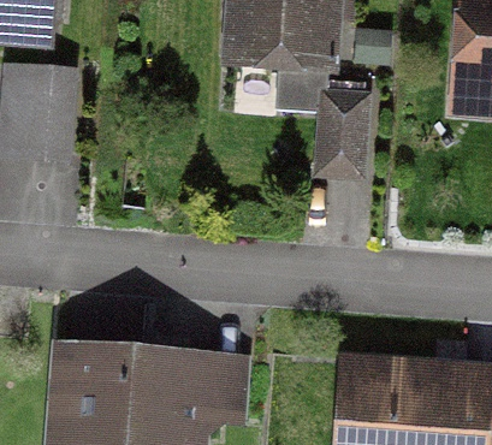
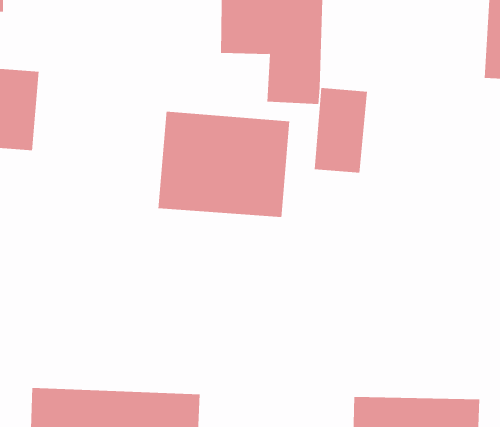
building: none -> [158,111,290,218]

